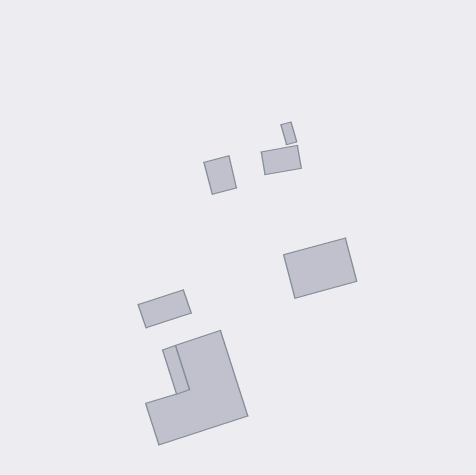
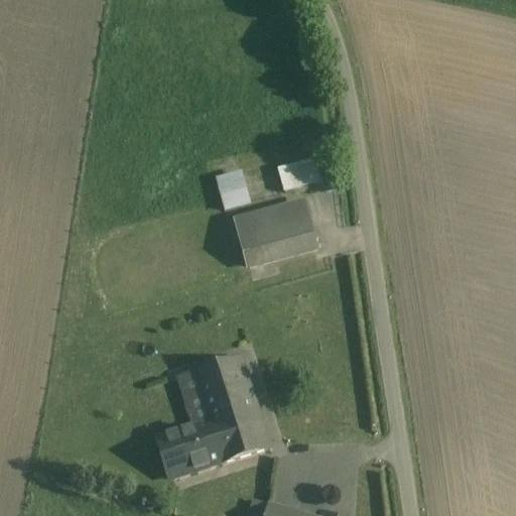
building: [284,238,357,298] -> [233,201,311,265]
building: [138,290,191,328] -> none

